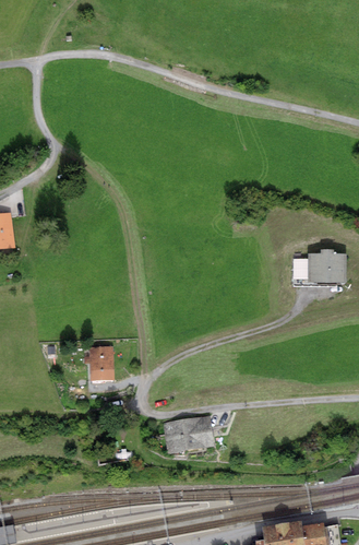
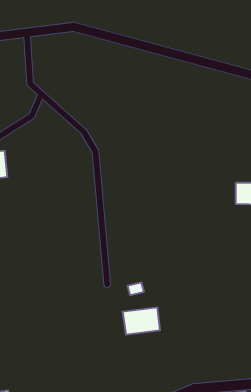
building: [88,346,113,380] -> none

